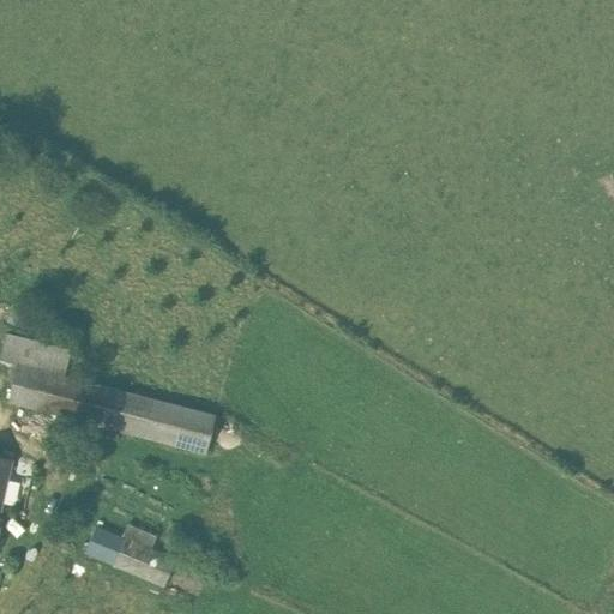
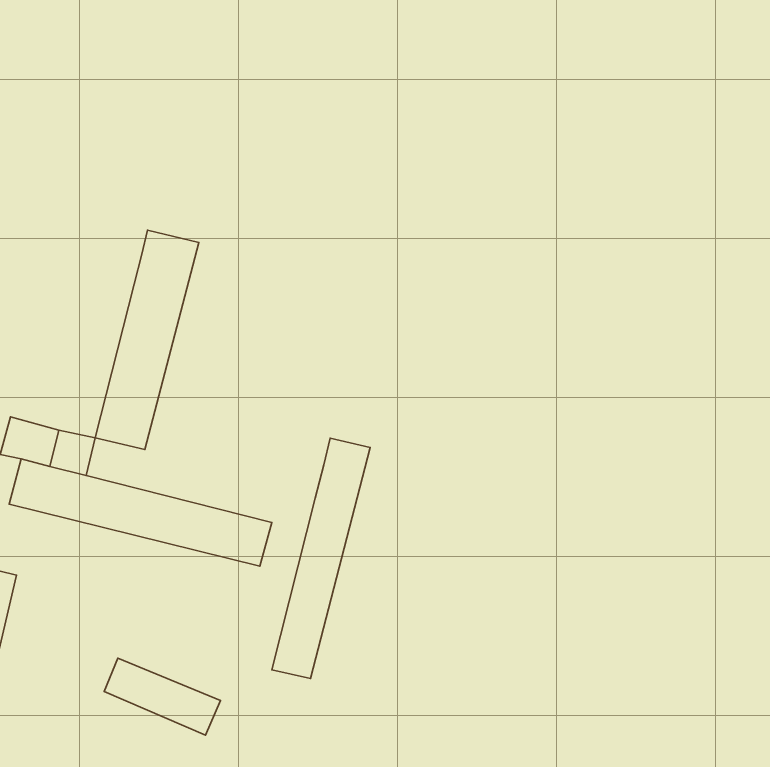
building: none -> [95,230,199,450]
building: none -> [272,438,370,679]

